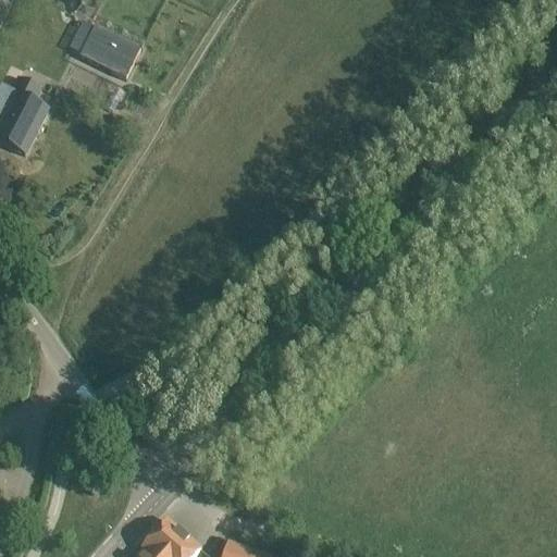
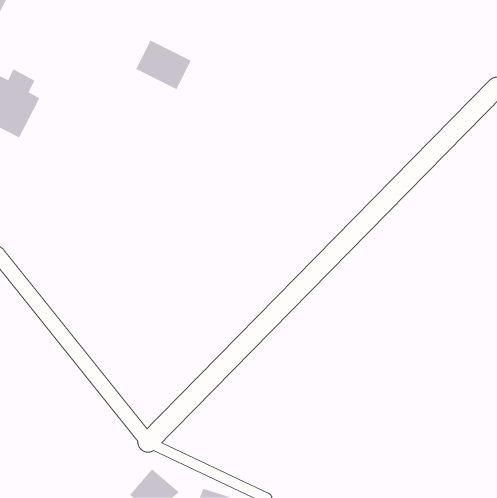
building: [75,24,137,79] -> [136,40,191,90]

